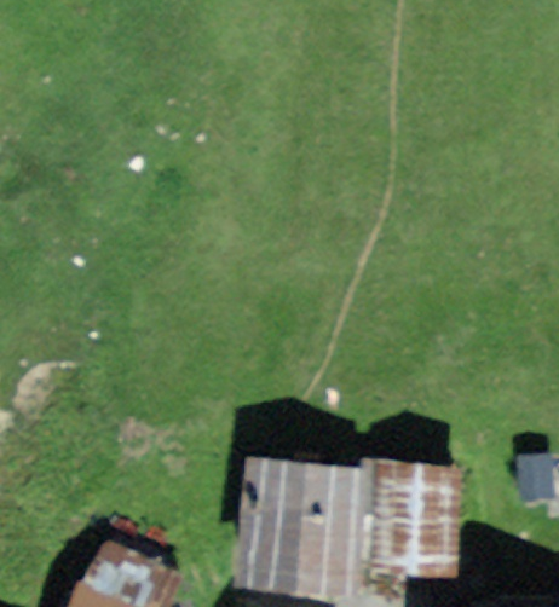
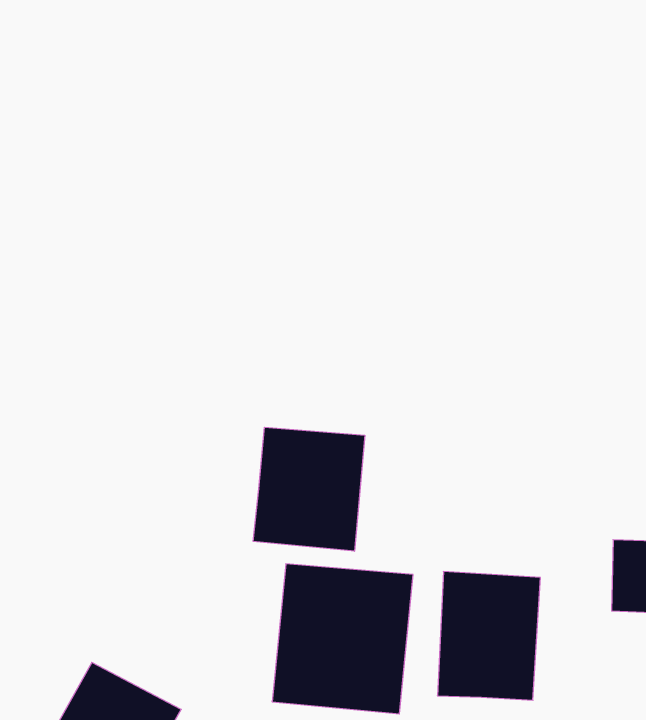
building: none -> [253,427,365,551]

